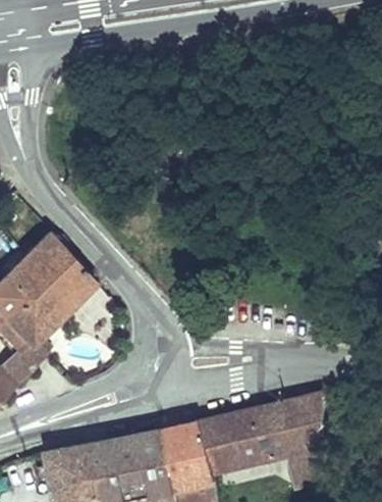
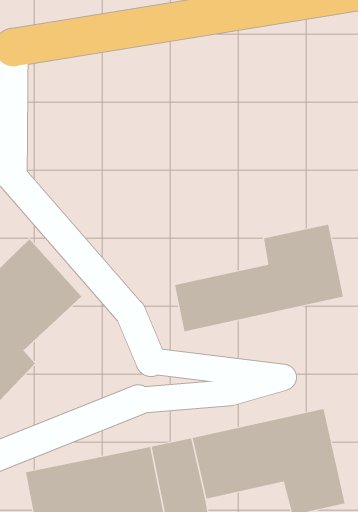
building: none -> [174,224,344,332]

